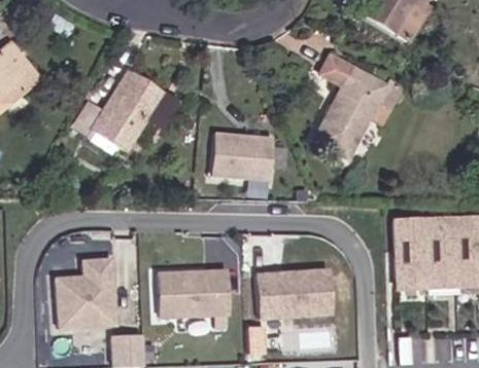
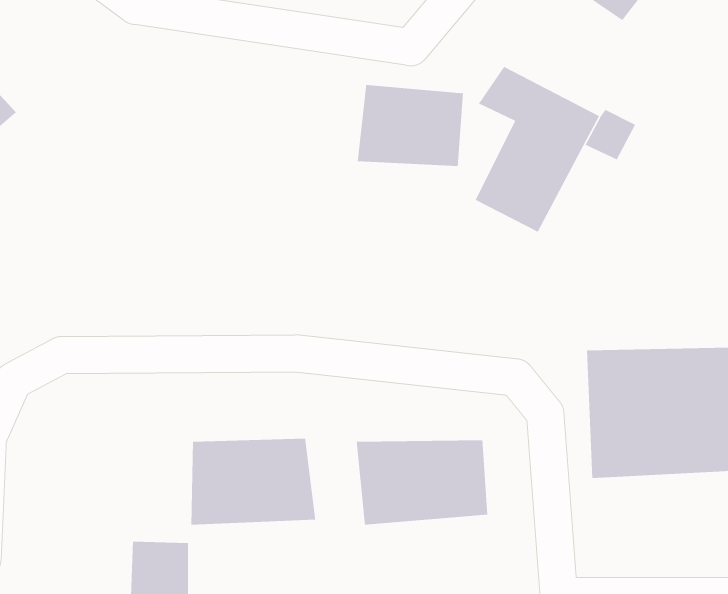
building: [79,73,164,145] -> none
building: [205,131,269,180] -> [357,84,464,167]
building: [50,256,112,331] -> none

